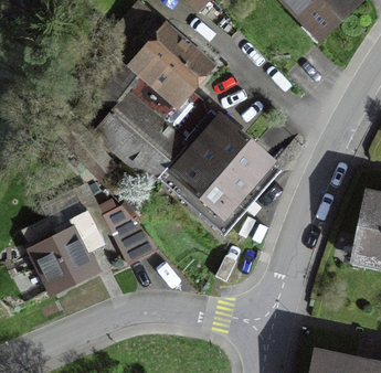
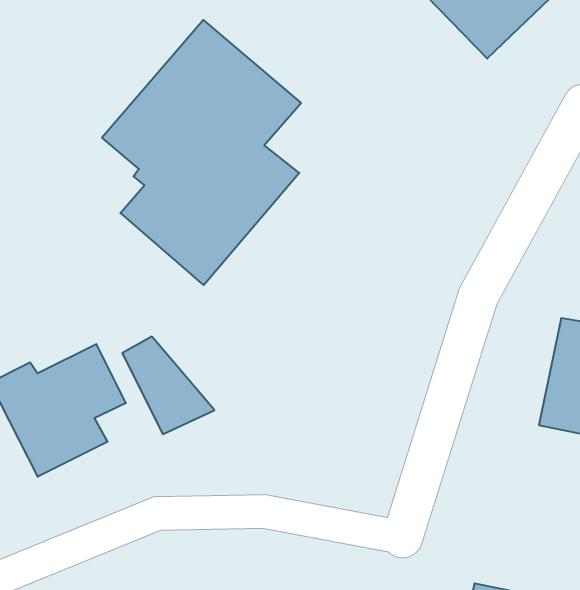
building: [157,113,281,235] -> none

